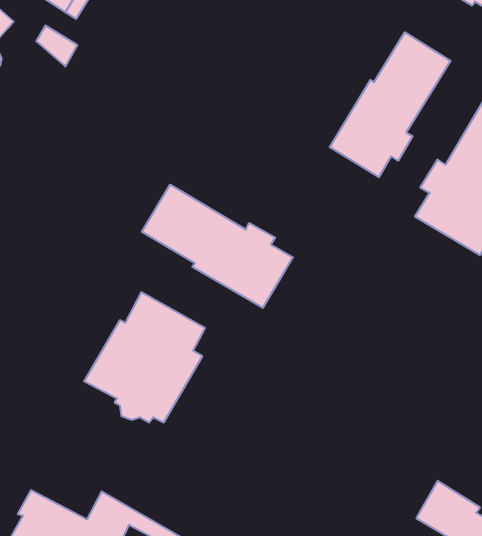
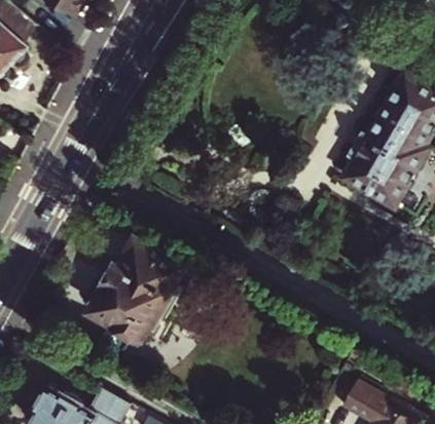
building: [330,32,451,177] -> none
building: [142,185,293,308] -> none

